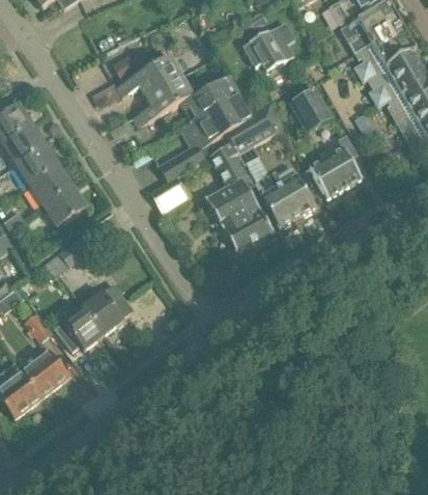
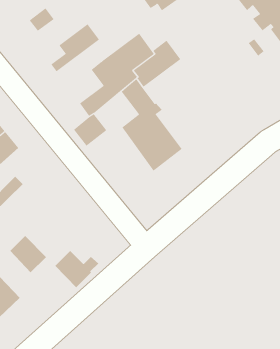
building: [116,55,181,95] -> none
building: [181,76,238,119] -> none
building: [289,86,333,131] -> none
building: [310,134,362,197] -> none
building: [255,171,314,226] -> none
building: [82,291,133,334] -> [54,250,99,288]

